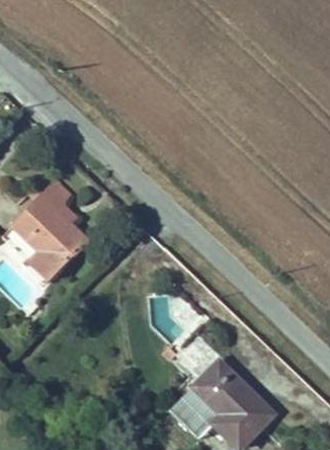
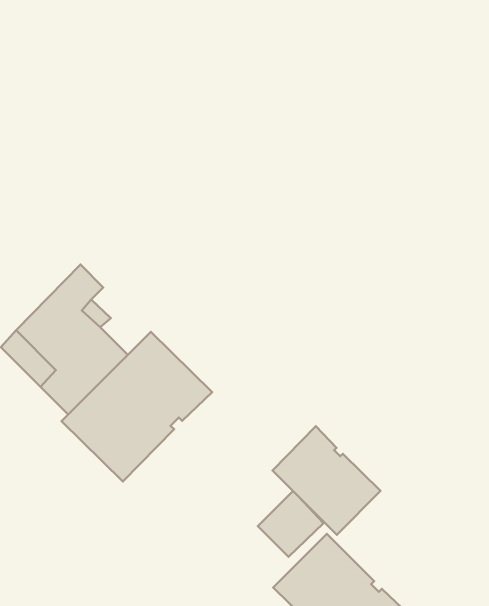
building: none -> [61,332,212,482]
building: none -> [273,426,380,535]

